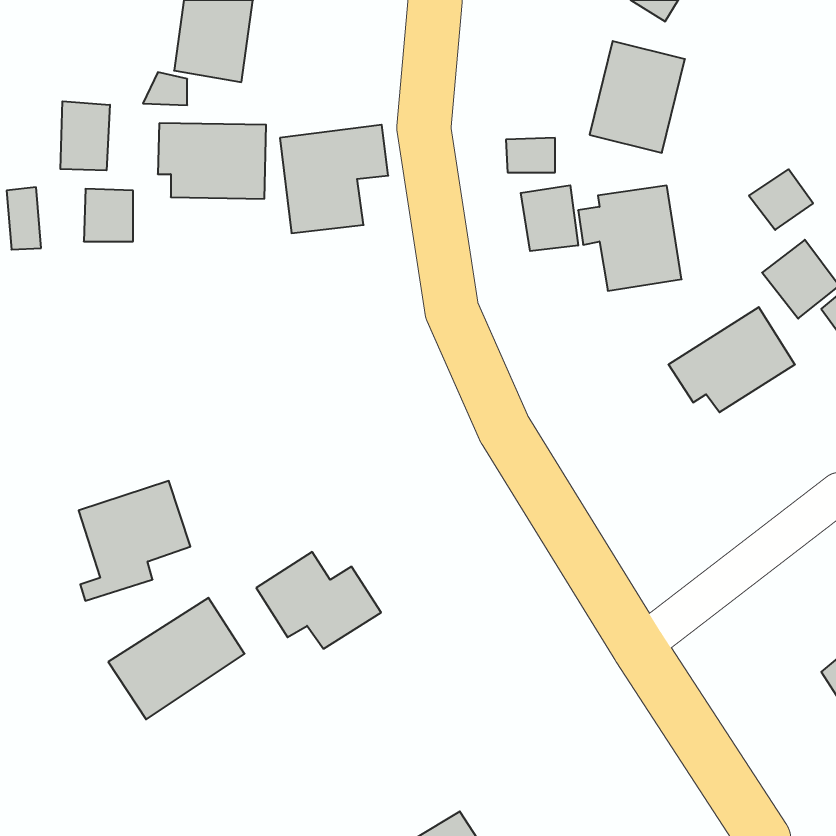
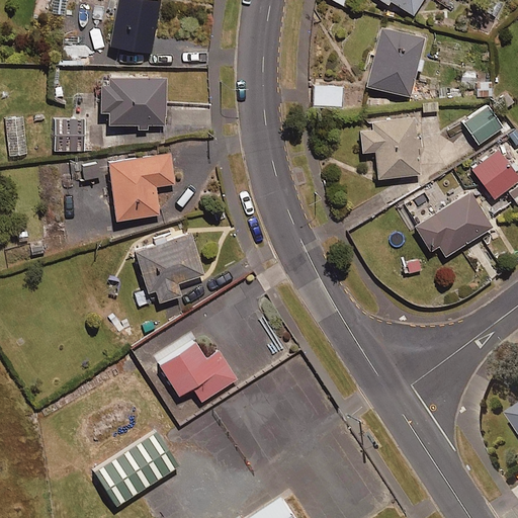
building: [60,101,110,170] -> none
building: [280,125,388,233] -> [107,153,174,220]
building: [521,185,578,251] -> none
building: [79,481,190,601] -> [135,234,203,308]
building: [108,598,245,719] -> [93,431,177,506]

